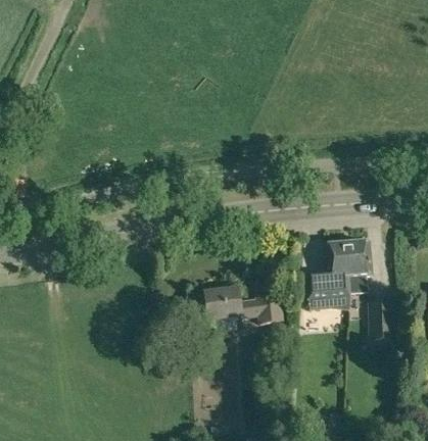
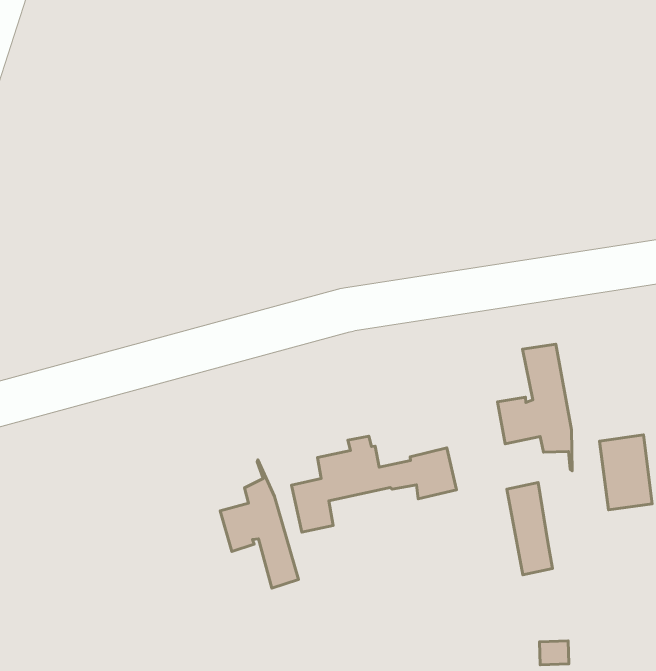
building: [346,244,368,296] -> [507,482,552,575]
building: none -> [220,460,299,588]

